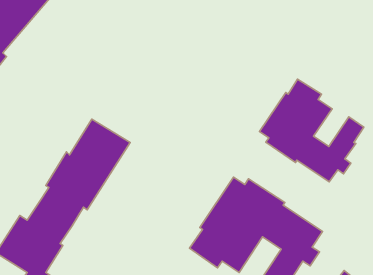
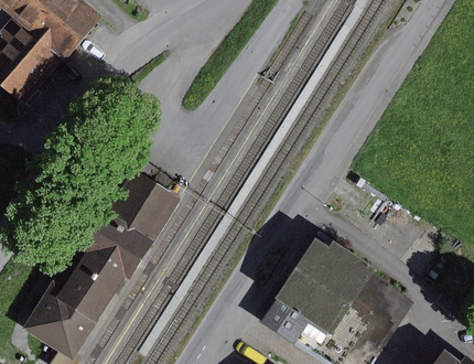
building: [260,79,364,182] -> none

